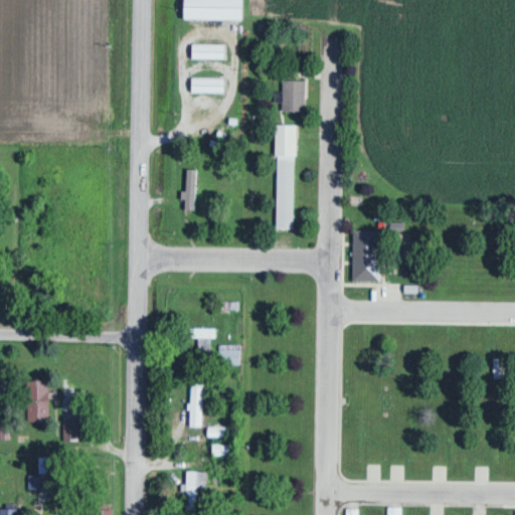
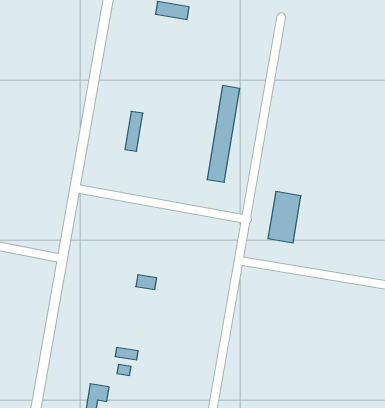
building: [190,78,224,94] -> none
building: [281,80,304,112] -> none
building: [193,329,215,352] -> none
building: [188,380,202,427] -> none

